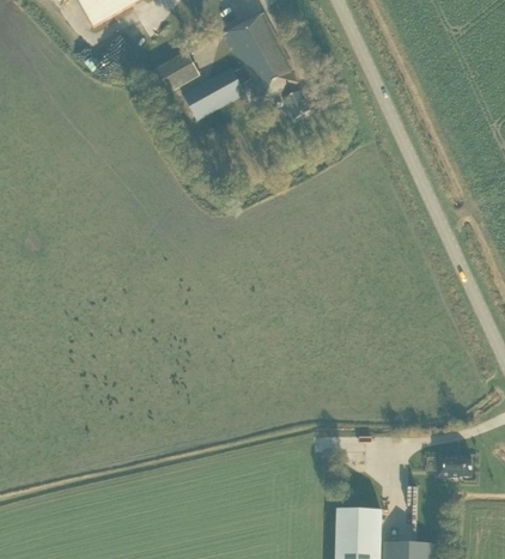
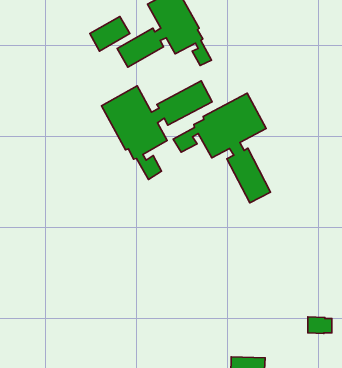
building: none -> [102,81,212,180]
building: none -> [173,93,271,203]

